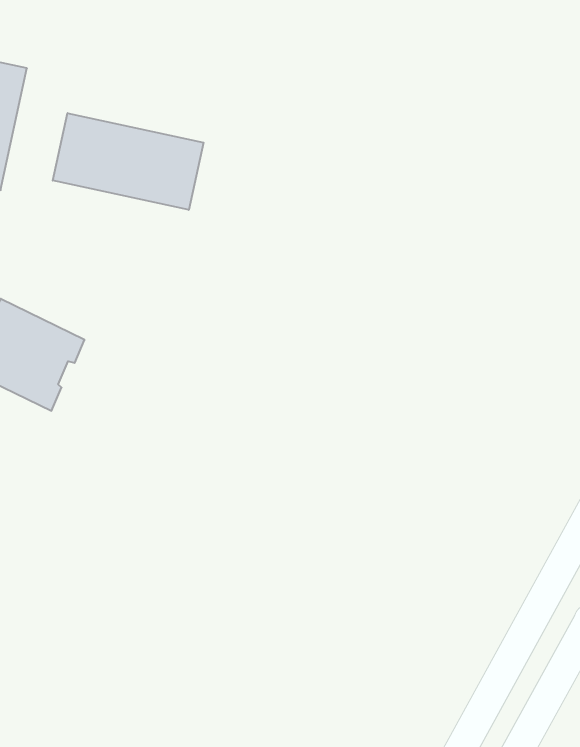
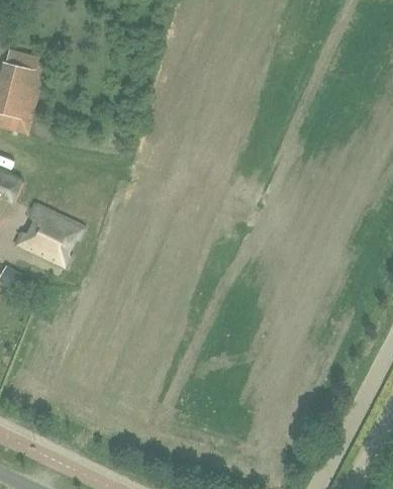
building: [53,113,204,210] -> none

